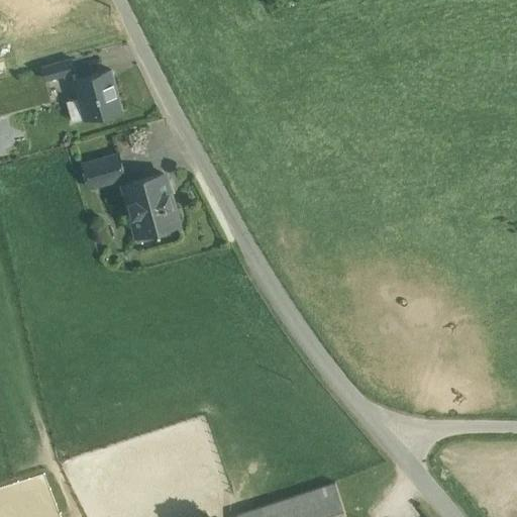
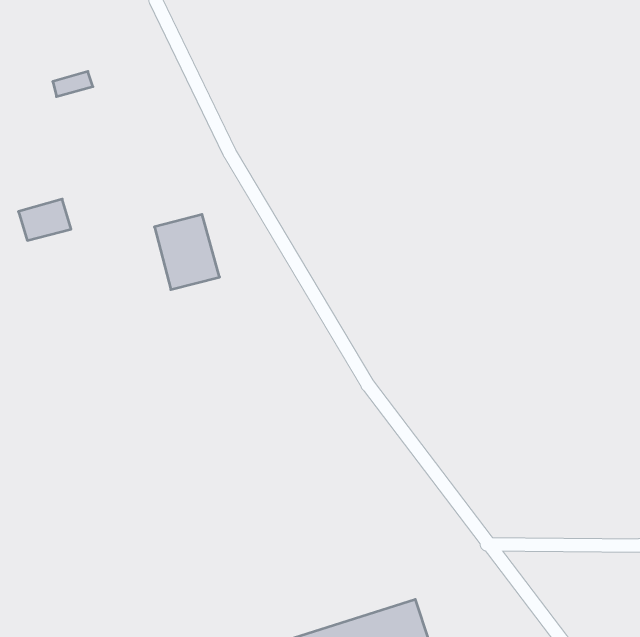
building: [73,72,121,120] -> none
building: [82,156,124,189] -> [18,199,71,240]

